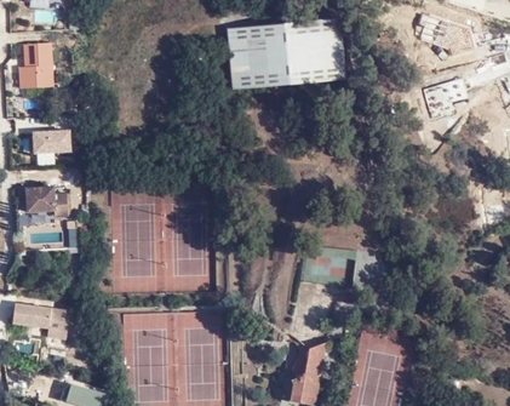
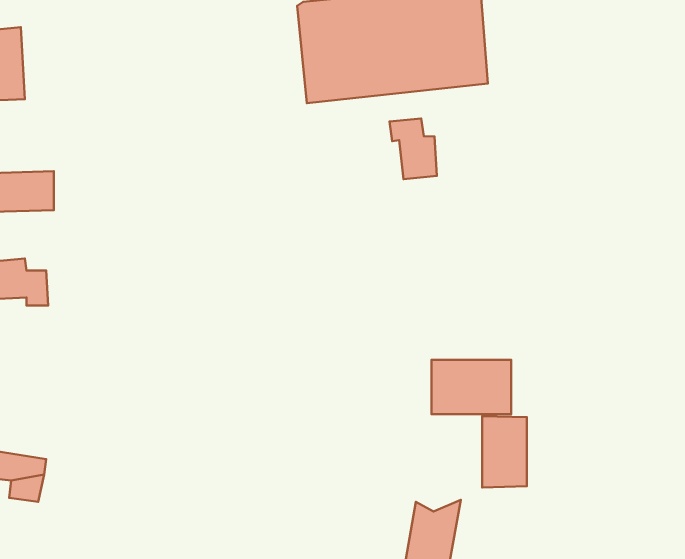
building: none -> [389,119,437,179]
building: none -> [482,416,527,488]

